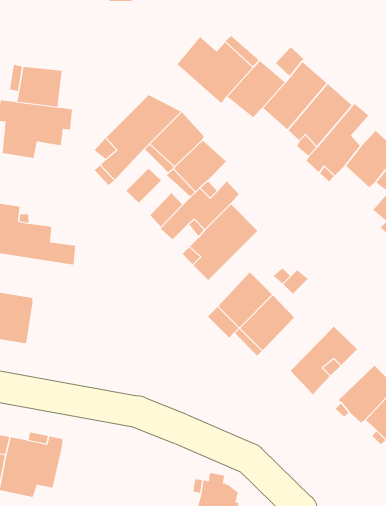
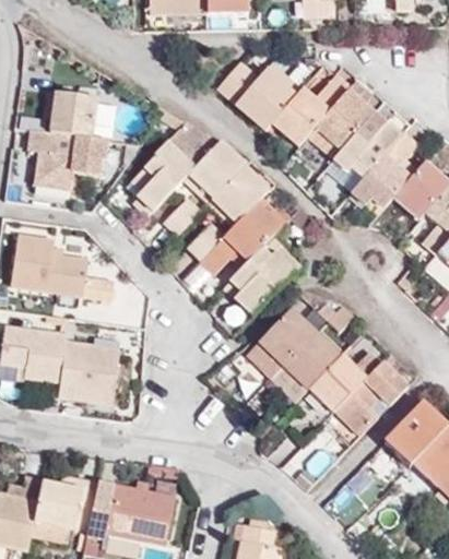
building: none -> [58,340,117,404]
building: none -> [308,353,380,412]
building: none -> [87,481,176,546]

